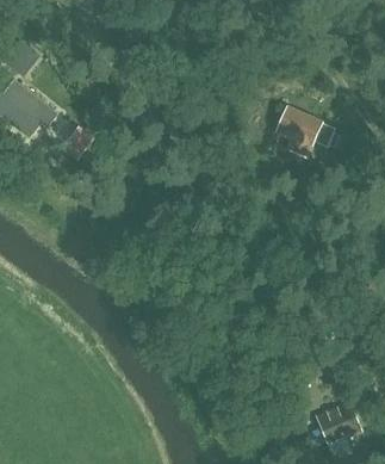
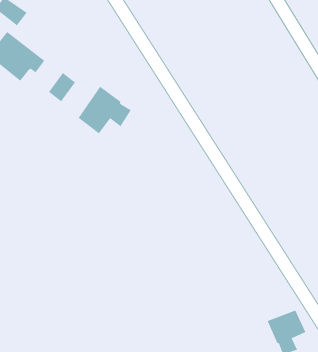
building: [277,106,334,156] -> none
building: none -> [78,86,131,134]

